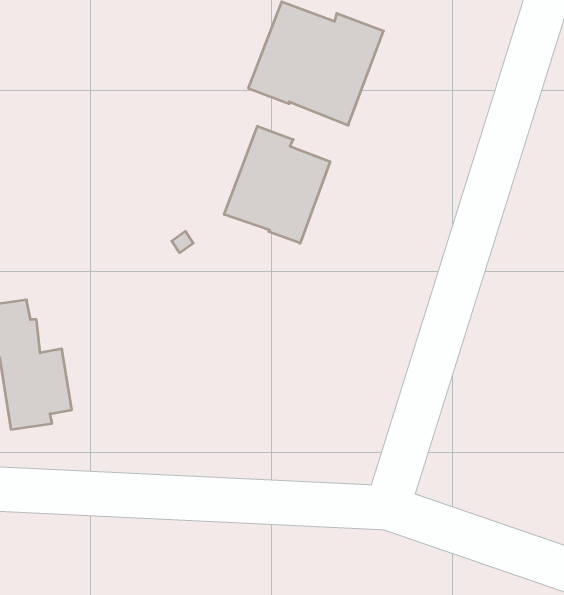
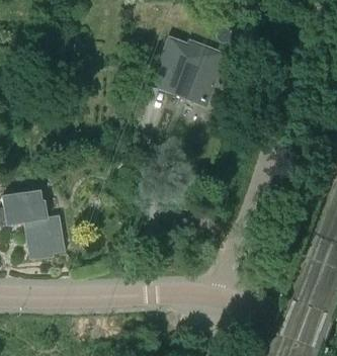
building: [224,126,330,243] -> none

